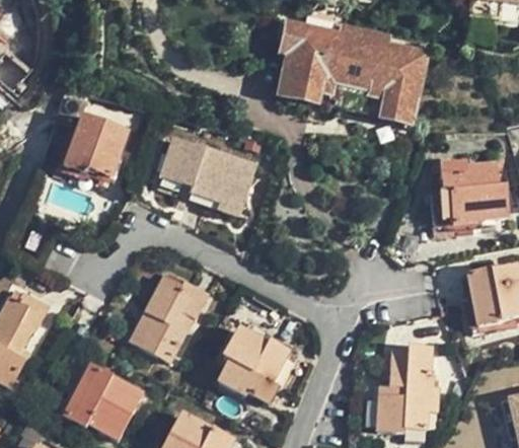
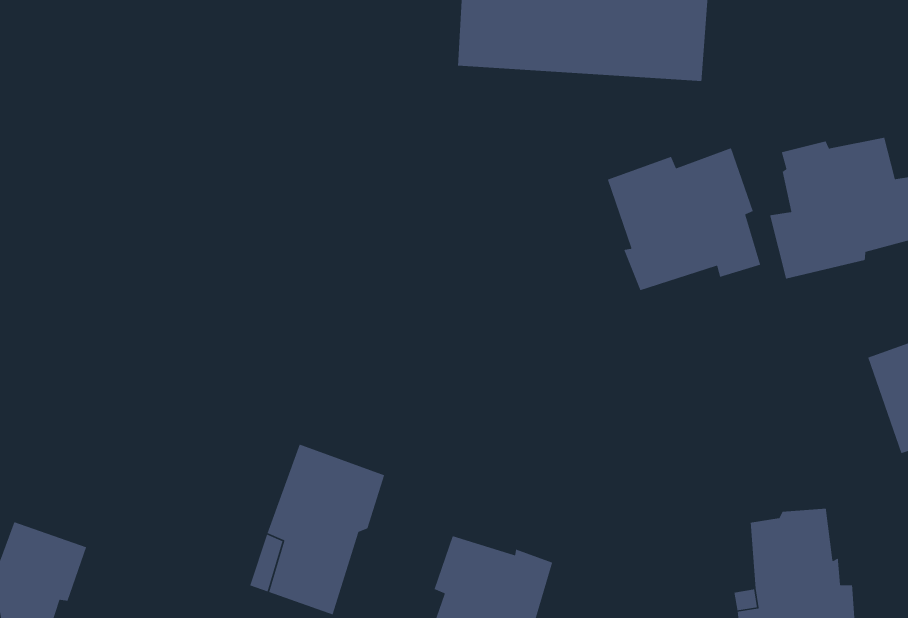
building: [57,84,126,175] -> none
building: [159,137,254,215] -> none
building: none -> [607,147,761,291]

